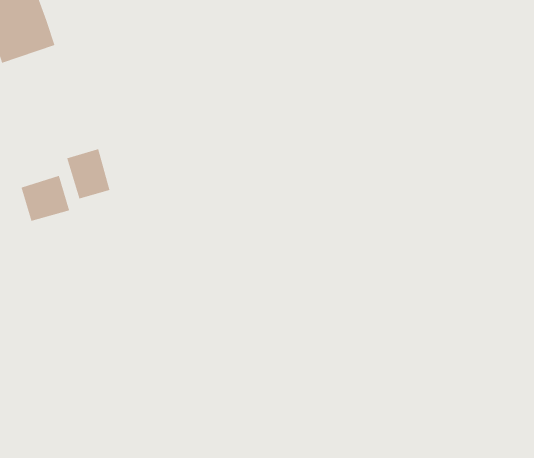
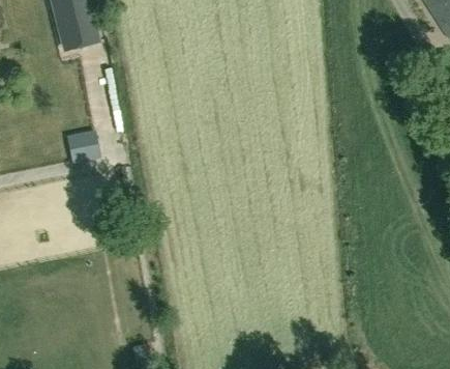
building: [66,148,111,199] -> none

